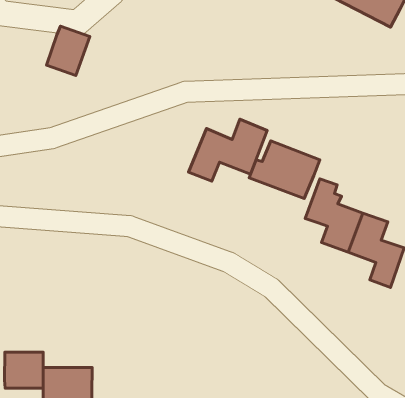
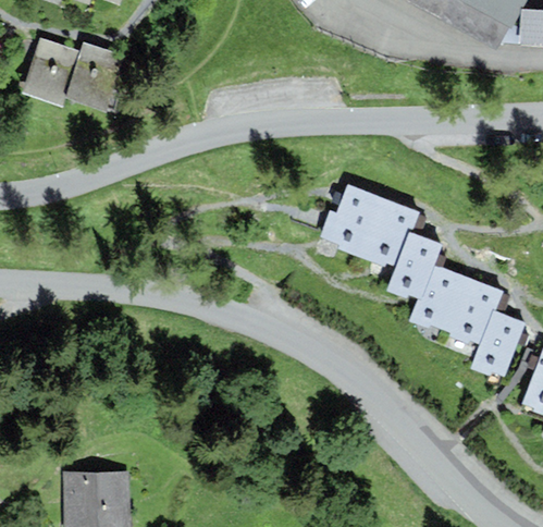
building: none -> [26,38,81,100]
building: [189,119,267,181] -> none
building: [5,352,43,388] -> none

